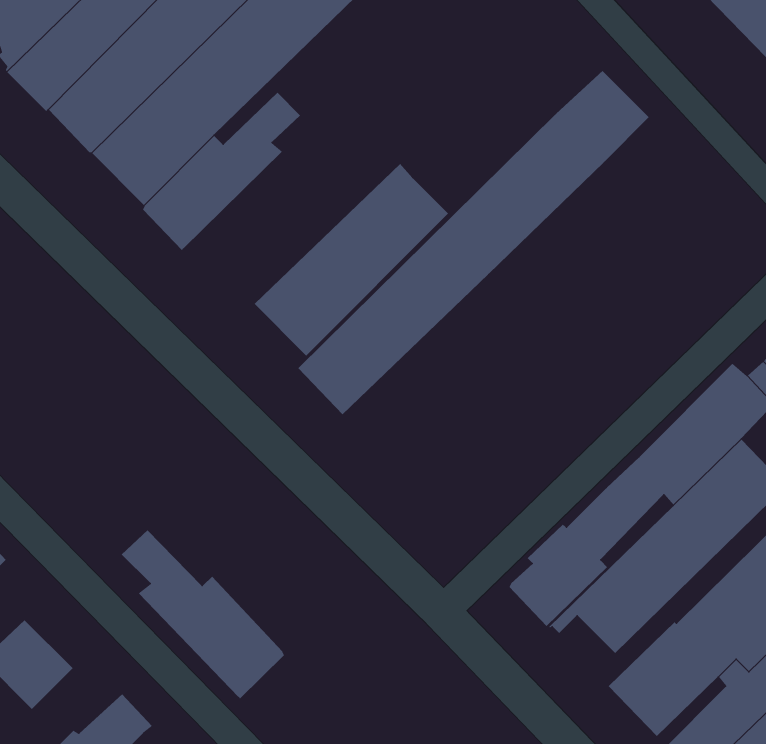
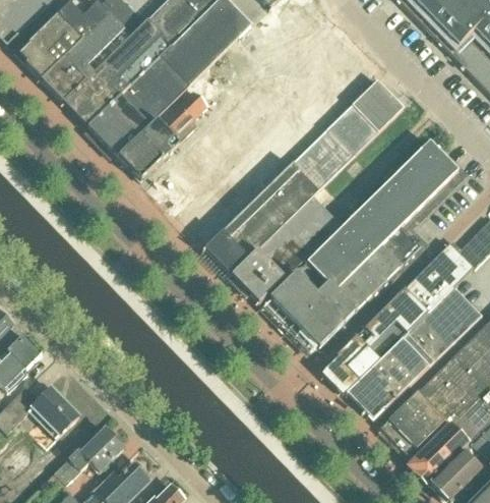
building: [254,163,449,356] -> [231,193,341,302]
building: none -> [264,142,457,351]
building: [121,529,285,700] -> none

